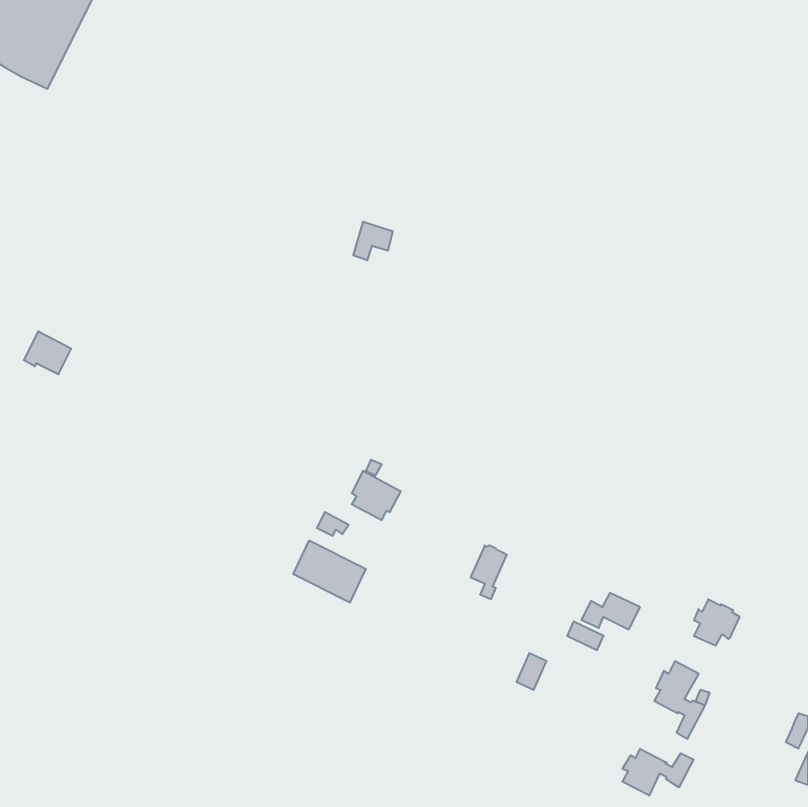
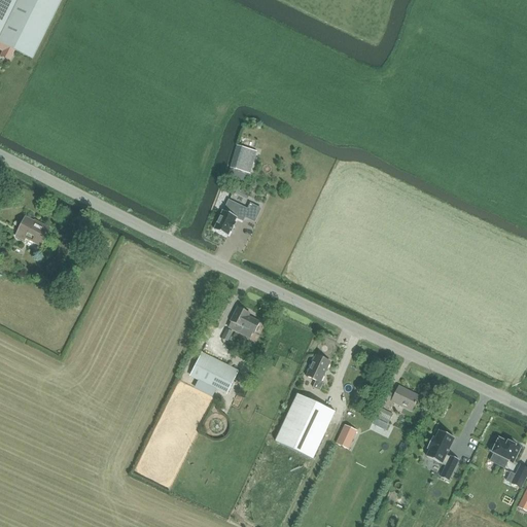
building: none -> [213,199,259,235]
building: [694,599,740,645] -> [489,436,519,466]
building: none -> [275,393,335,458]
building: [622,749,693,796] -> none

